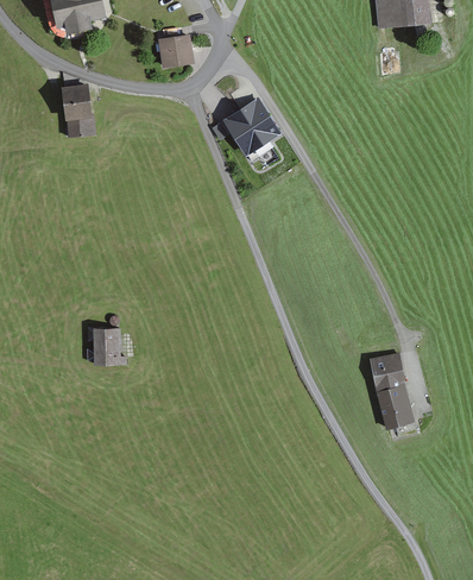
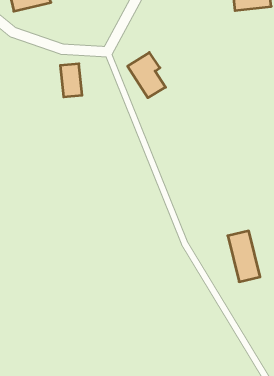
building: [157,33,193,68] -> none
building: [62,87,94,135] -> [60,64,82,97]
building: [92,329,120,365] -> none

